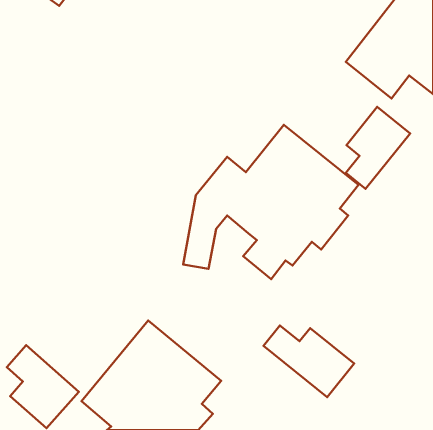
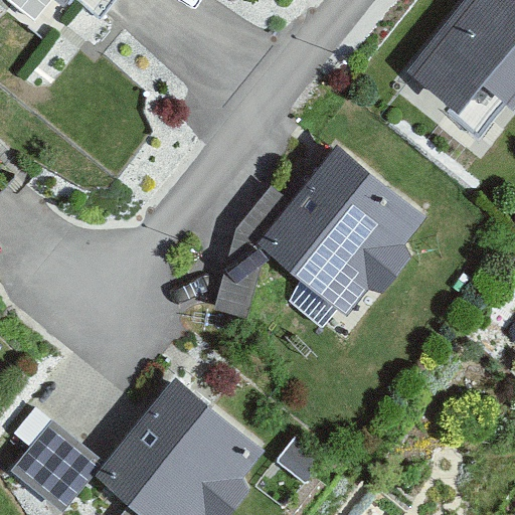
building: [346,107,410,189] -> none
building: [264,326,354,397] -> none

